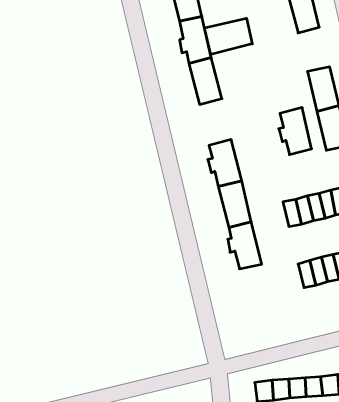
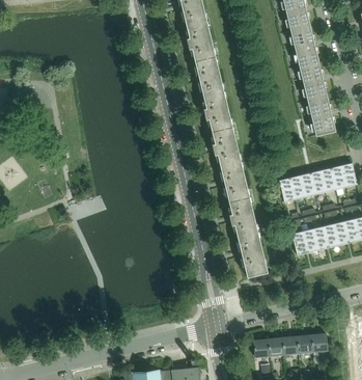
building: [205,18,252,55] -> none
building: none -> [291,26,319,65]
building: [279,108,312,155] -> [203,89,232,131]
building: none -> [240,236,268,276]

